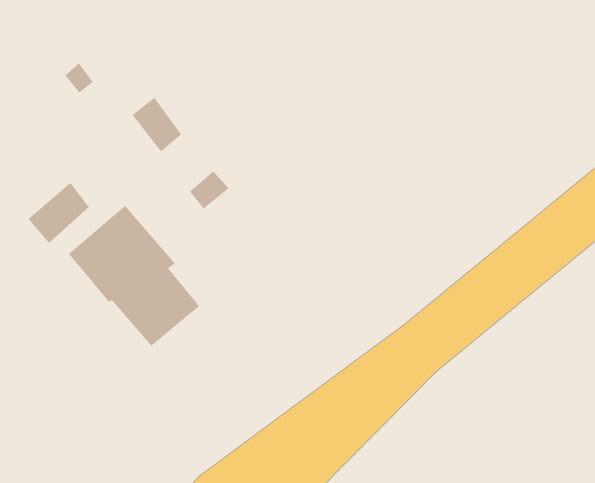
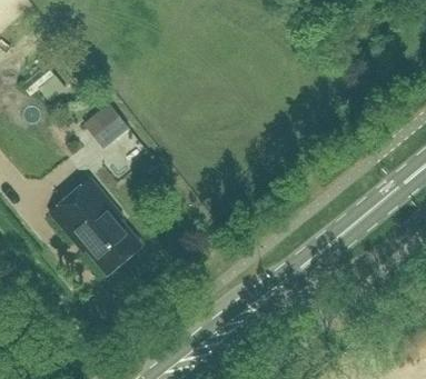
building: [27,182,90,244] -> none

